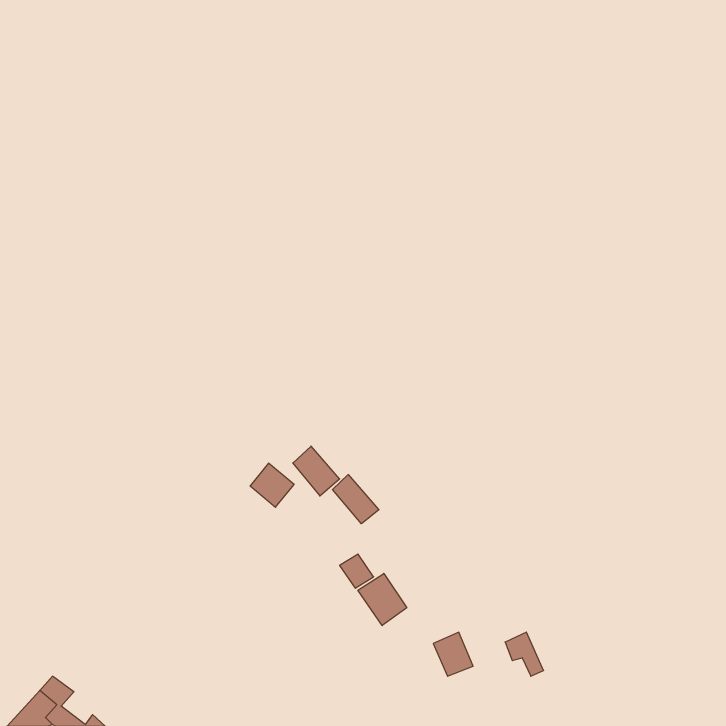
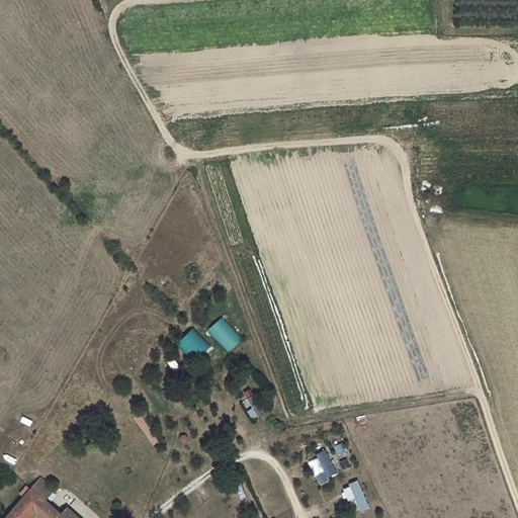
building: [332,475,379,524] -> none
building: [358,573,407,626] -> none
building: [505,632,544,676] -> [343,481,370,512]

